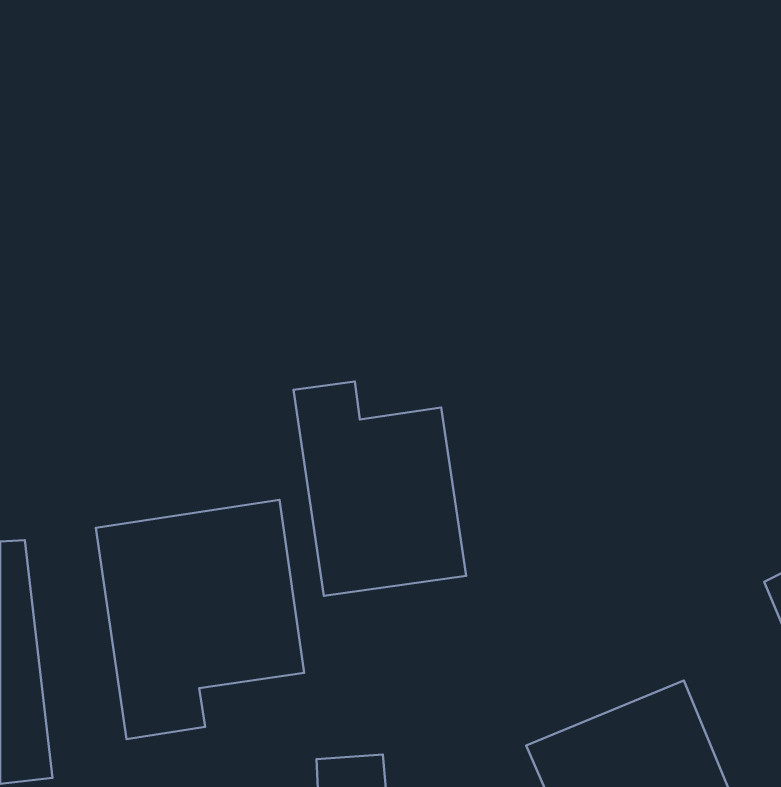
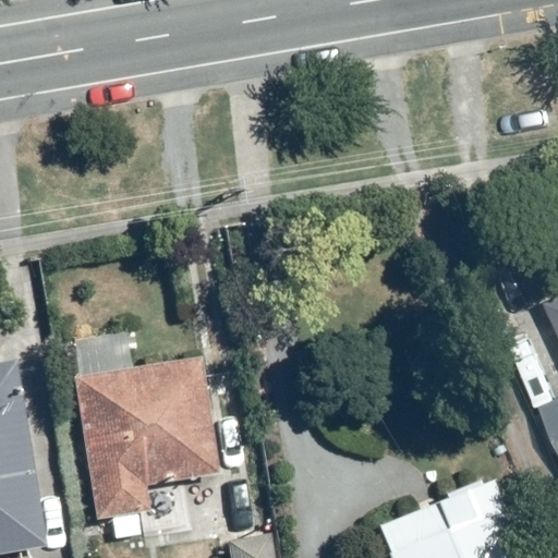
building: [294,382,466,596] -> none

